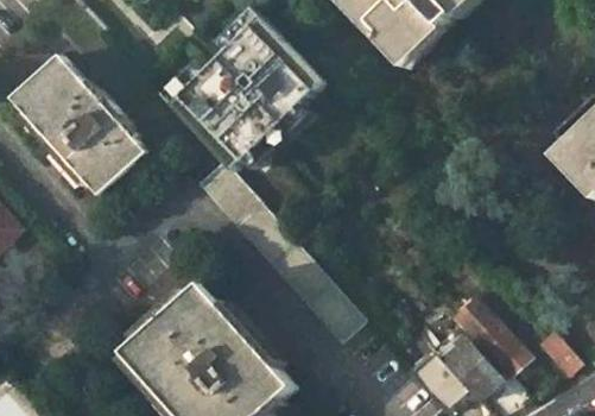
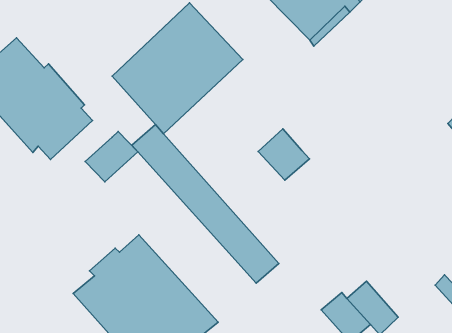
building: none -> [258,129,309,180]
building: none -> [85,131,138,182]
building: [454,298,526,374] -> none

